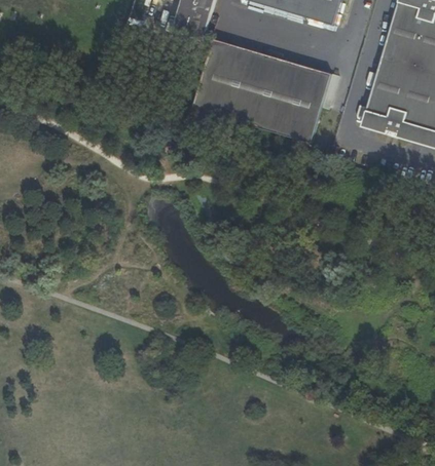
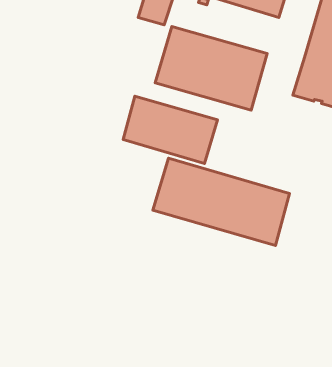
building: none -> [123,96,218,164]
building: none -> [153,158,289,245]

